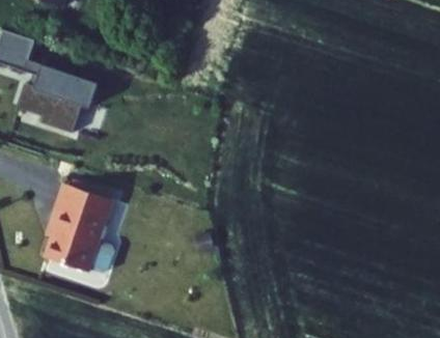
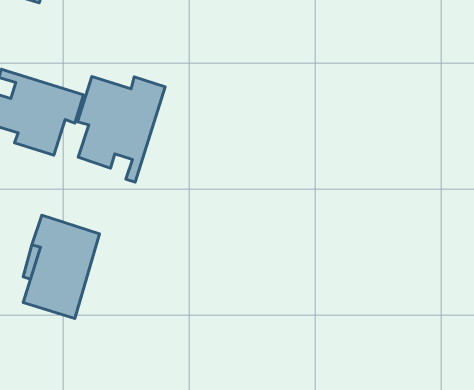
building: none -> [78,76,165,182]

